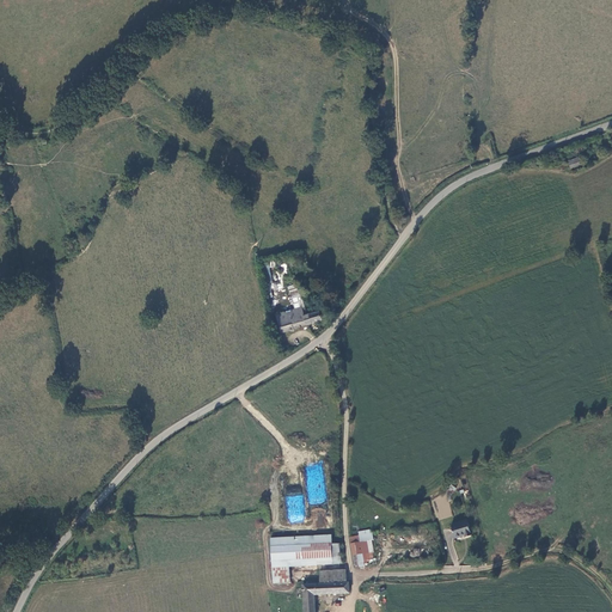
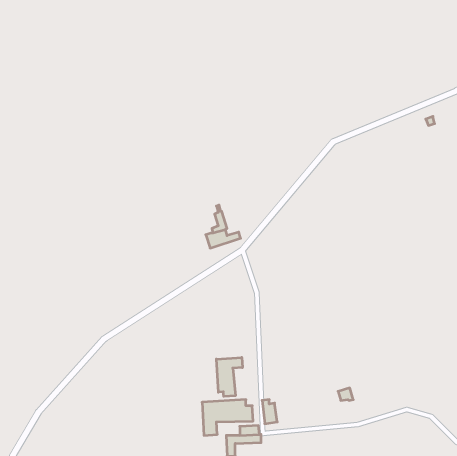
building: none -> [216,357,242,396]

